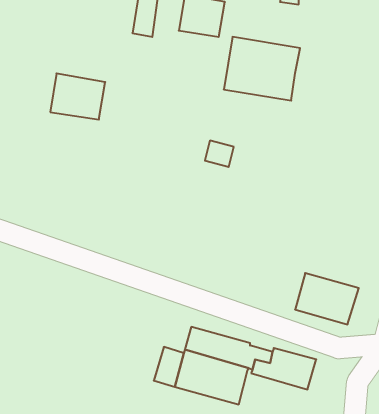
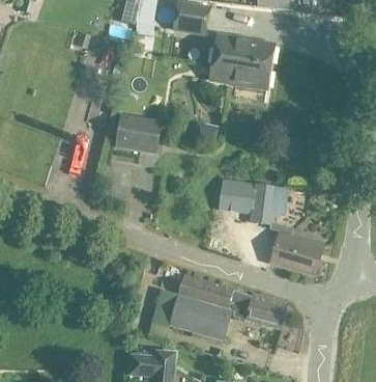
building: [50,73,105,120] -> [115,114,161,153]
building: none -> [216,180,277,225]

